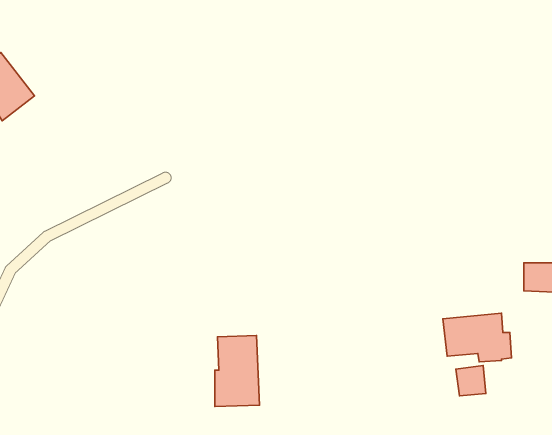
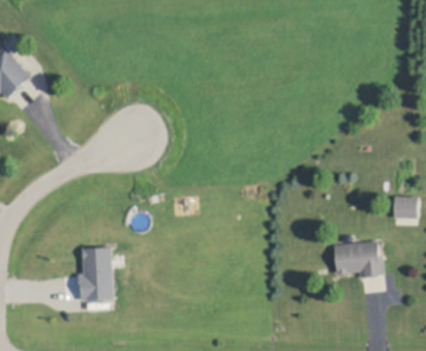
building: [215,335,259,407] -> [80,248,113,301]
building: [456,365,486,396] -> none

